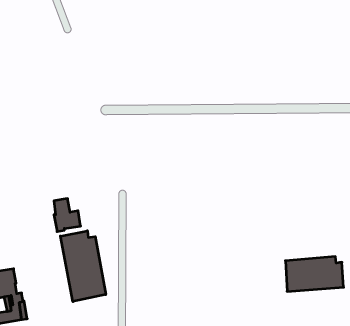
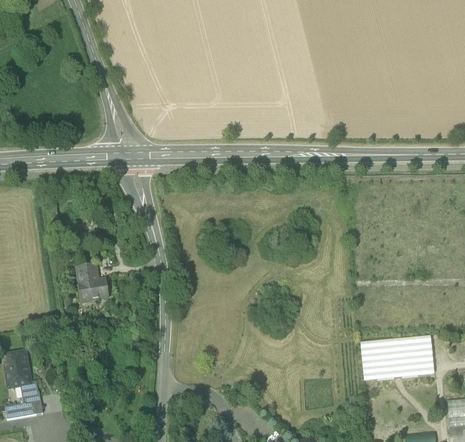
building: [60,231,106,302] -> none

